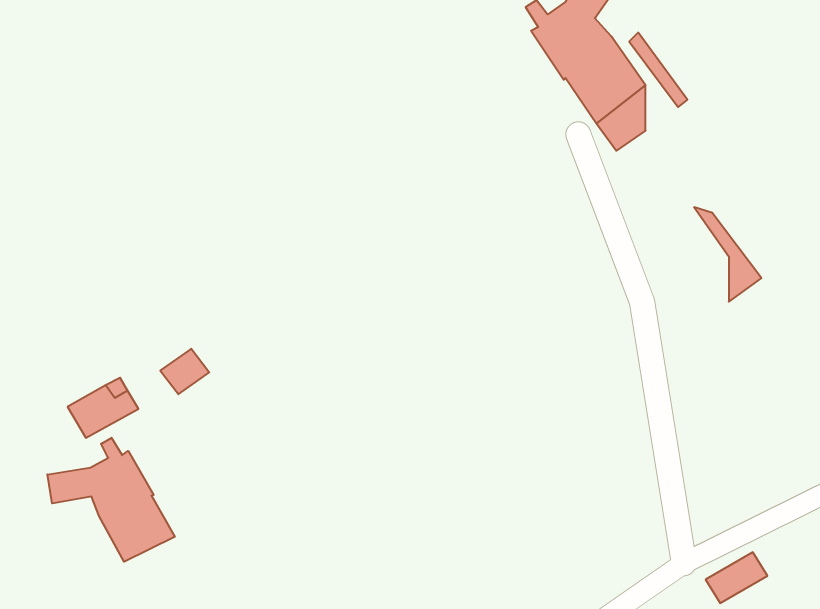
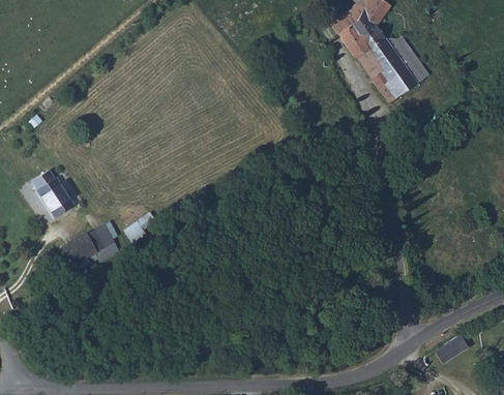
building: [694,207,761,302] -> [378,38,416,92]
building: none -> [36,172,80,221]
building: [47,438,175,562] -> none

